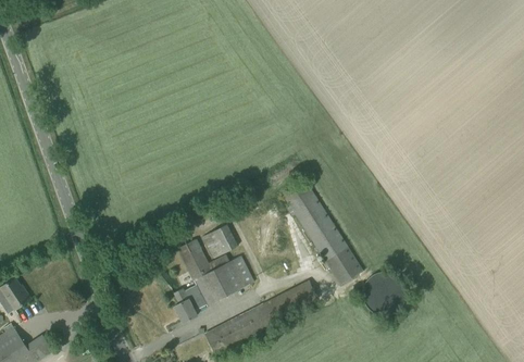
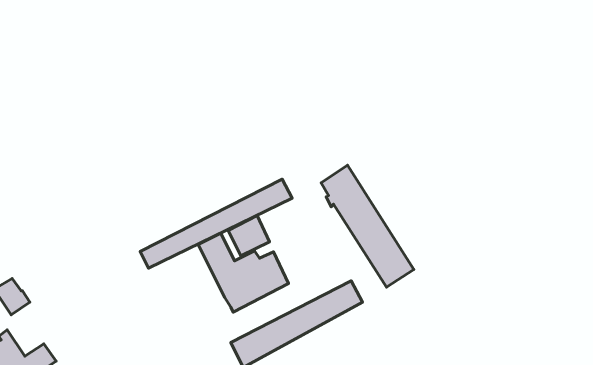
building: none -> [140,179,292,268]
building: [362,272,399,311] -> none
building: [173,287,204,322] -> none

